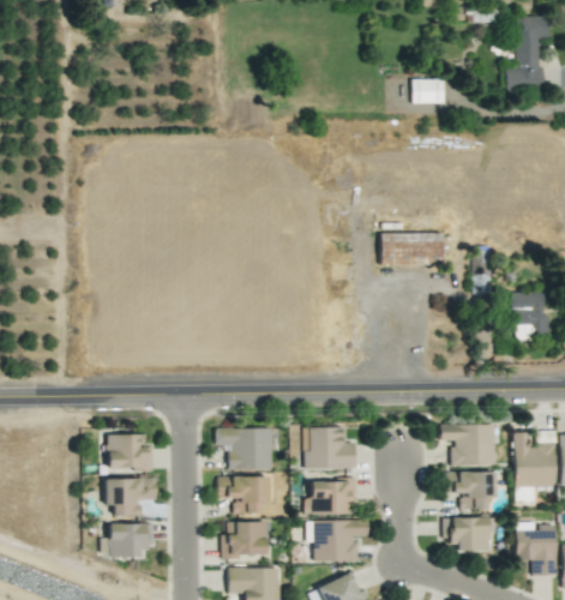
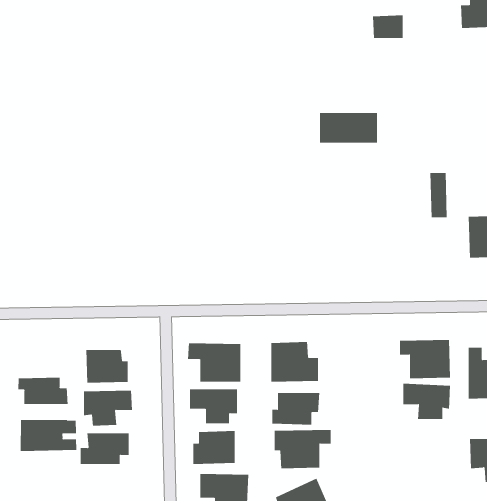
building: [381,233,444,265] -> [319,113,378,143]
building: none -> [18,377,68,405]
building: none -> [20,419,77,452]
building: [445,517,489,550] -> none

